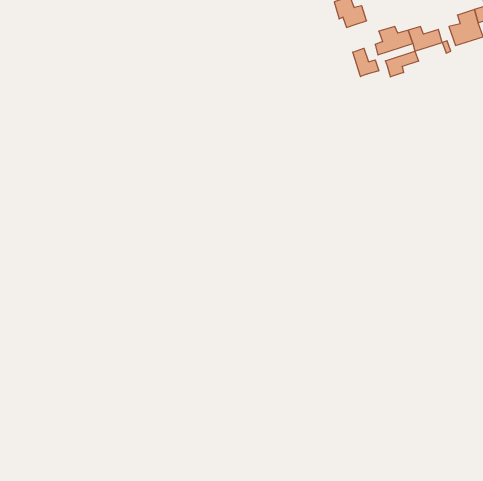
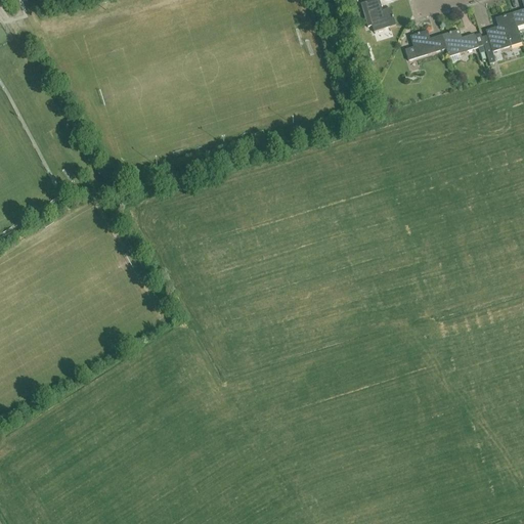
building: [353,48,379,77] -> none
building: [385,51,418,77] -> none

